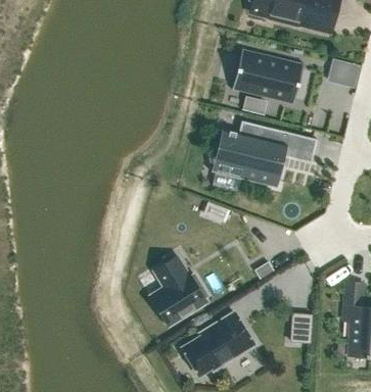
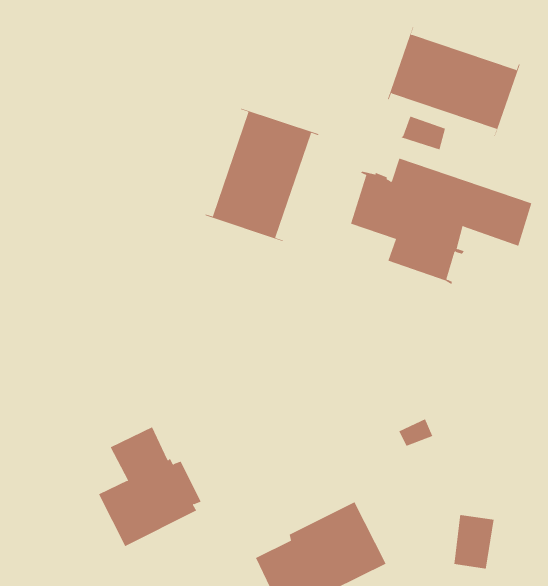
building: none -> [205,108,319,242]
building: [150,256,207,324] -> [98,427,202,547]

